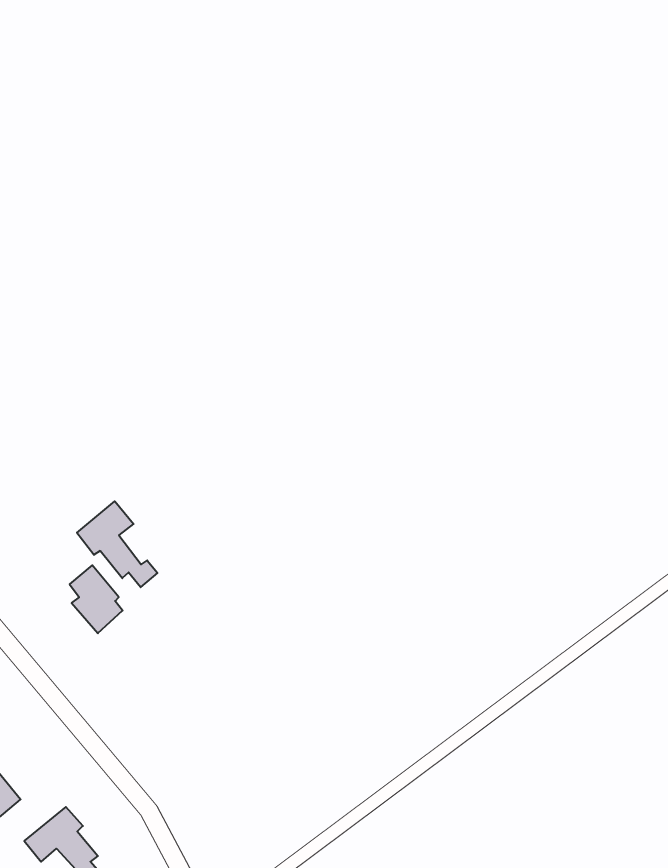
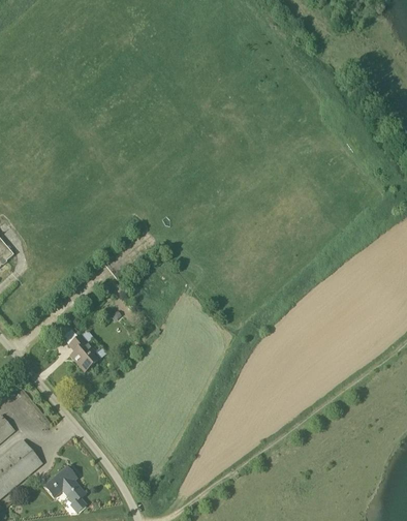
building: [77,501,157,587] -> none

